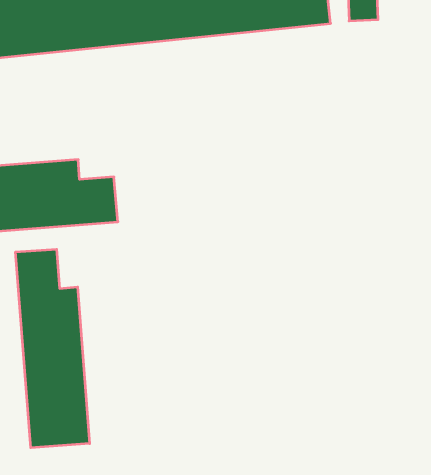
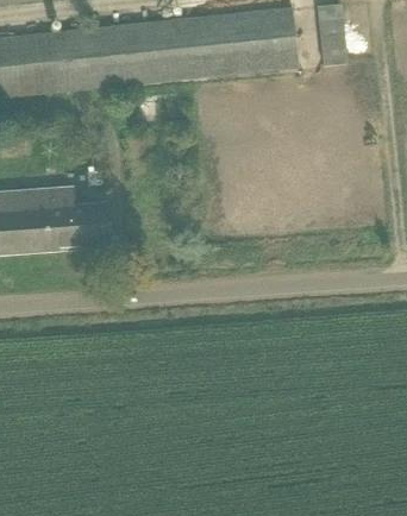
building: [16,249,90,448] -> none

